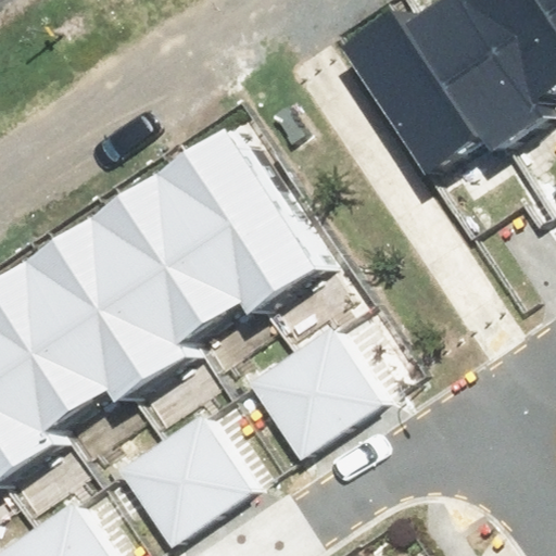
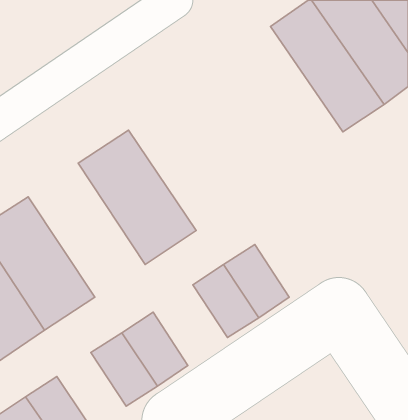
building: [169,129,325,305] -> none
building: [37,216,191,393] -> none

